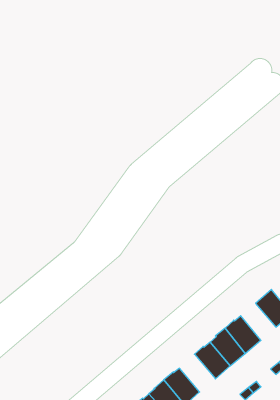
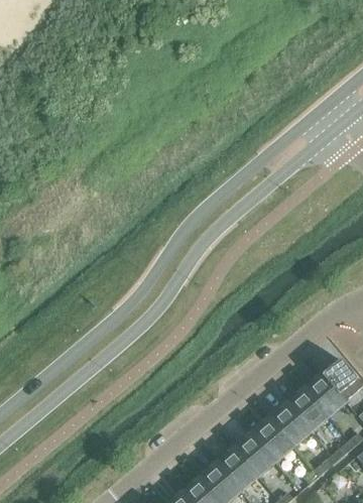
building: none -> [304,376,344,418]
building: none -> [233,434,274,478]

